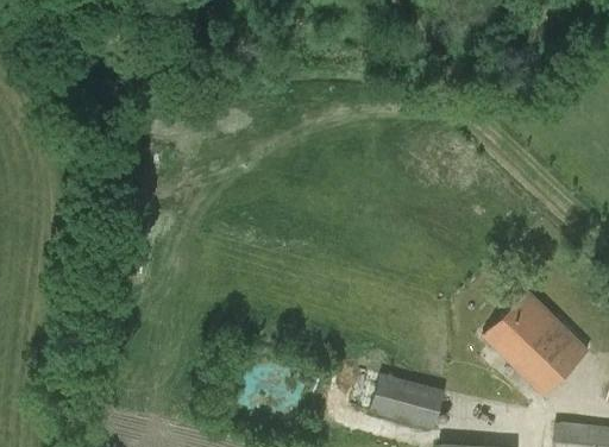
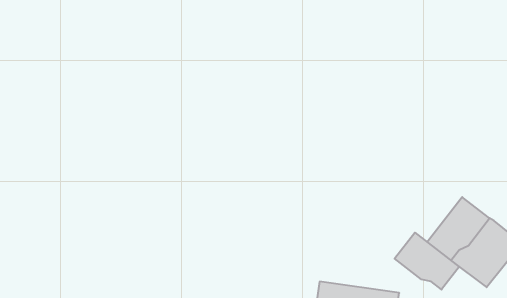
building: none -> [395,233,459,290]

